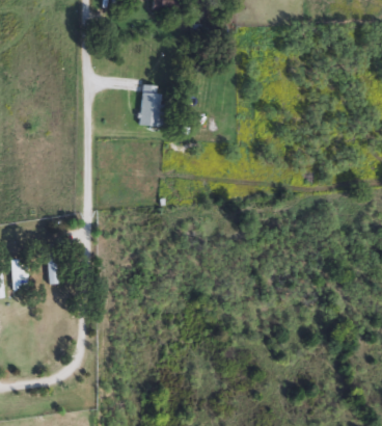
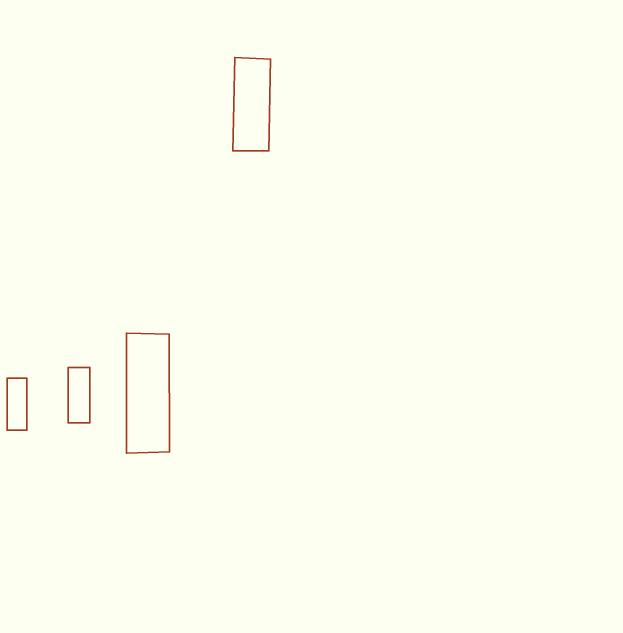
building: none -> [126,333,169,453]

